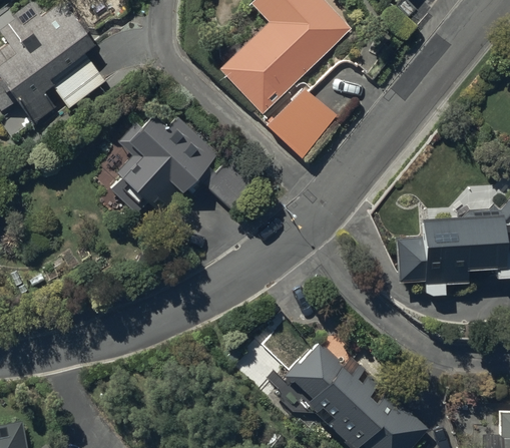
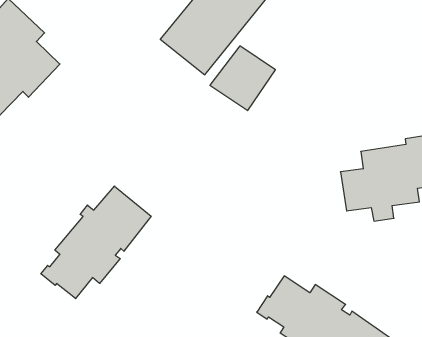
building: [109,114,257,213] -> none
building: none -> [41,186,151,299]

